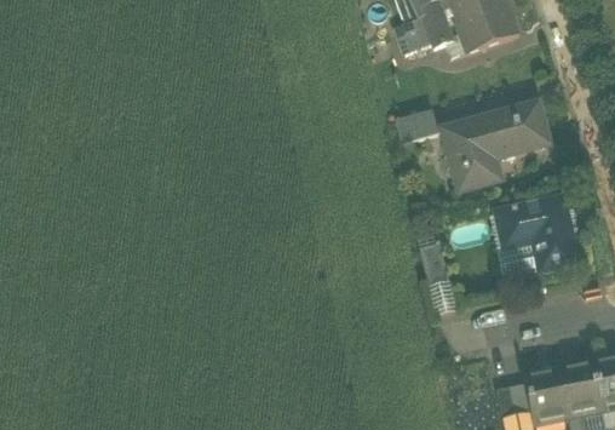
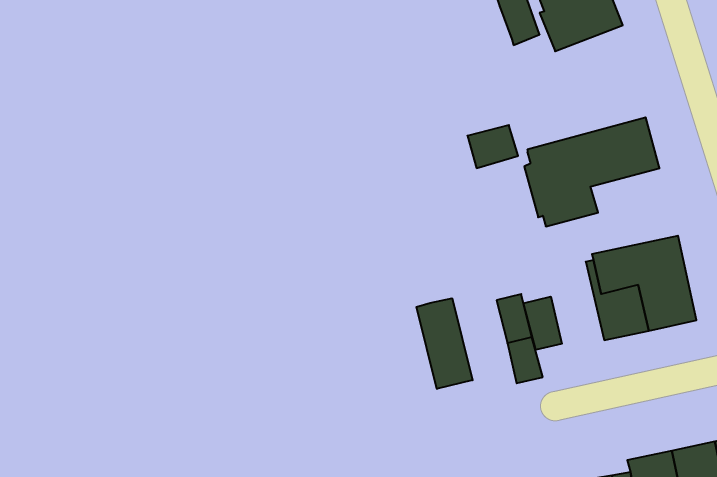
building: [396,16,432,51] -> none
building: none -> [524,297,562,350]
building: none -> [416,298,473,389]

